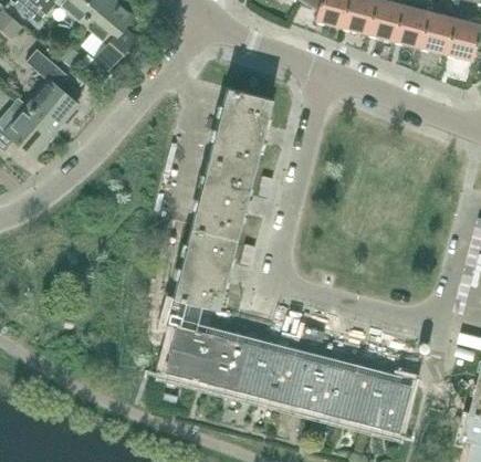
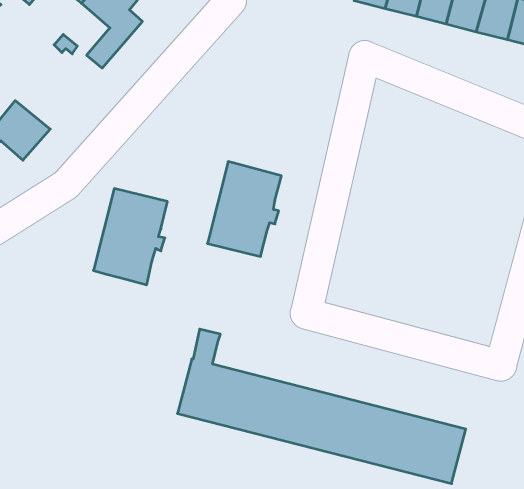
building: [27,49,77,128] -> none
building: [208,85,272,168] -> none
building: [172,225,236,307] -> [93,189,167,285]

